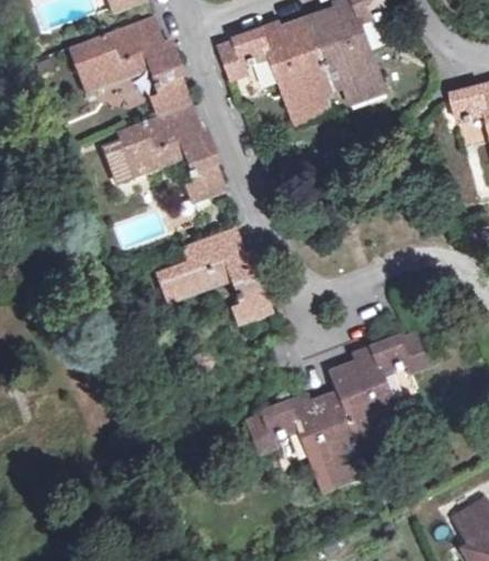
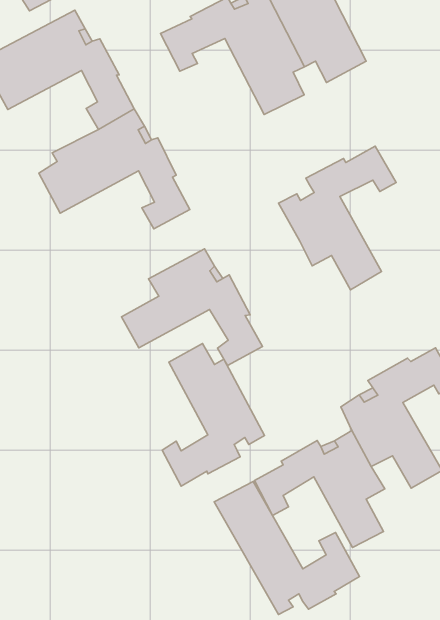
building: none -> [279,146,396,290]
building: none -> [162,343,265,486]
building: none -> [214,481,359,614]

